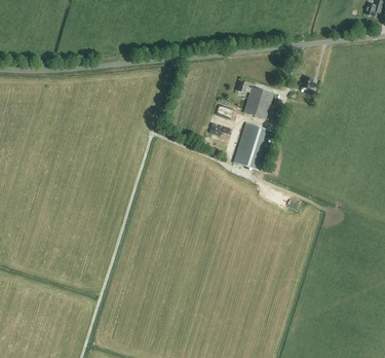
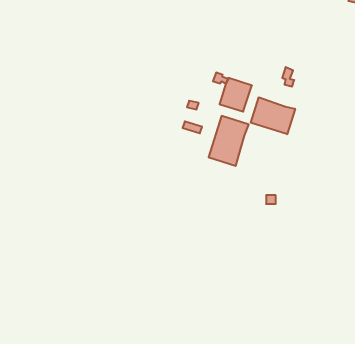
building: none -> [251,97,295,134]

